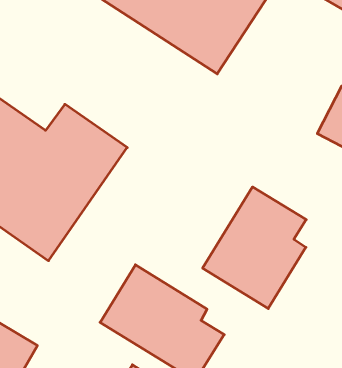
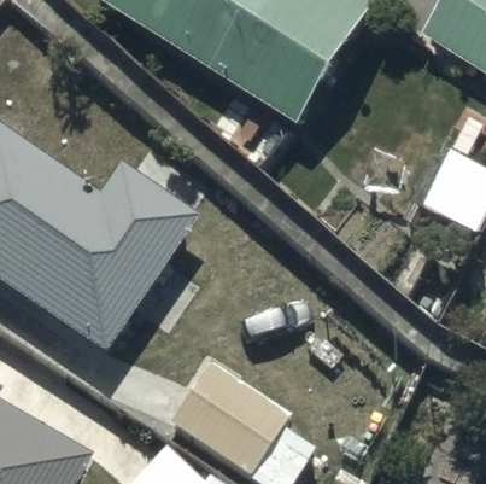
building: [203,187,306,309] -> none

